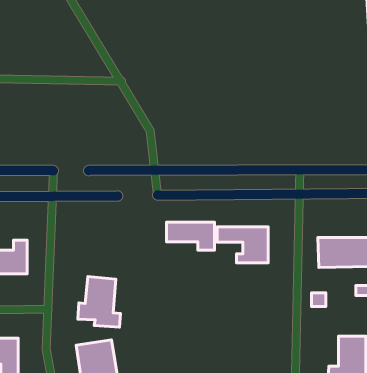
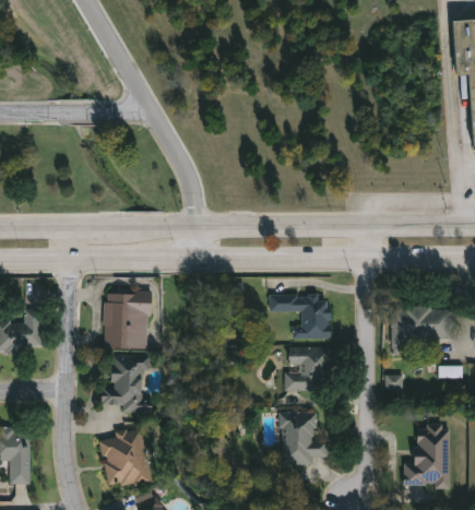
building: [166,222,215,250] -> none
building: none -> [103,290,150,348]
building: none -> [286,346,331,390]
building: none -> [280,412,328,464]

